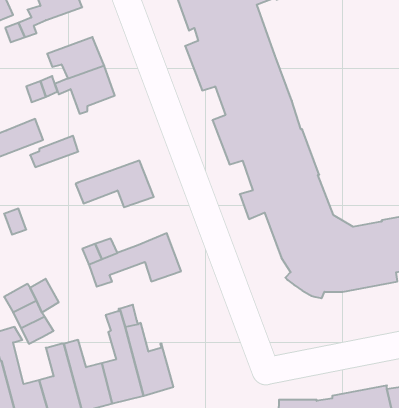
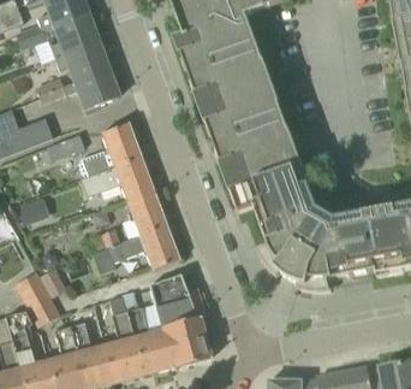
building: none -> [50,14,97,58]
building: none -> [79,122,141,177]
building: none -> [126,190,166,235]
building: none -> [150,271,210,367]

